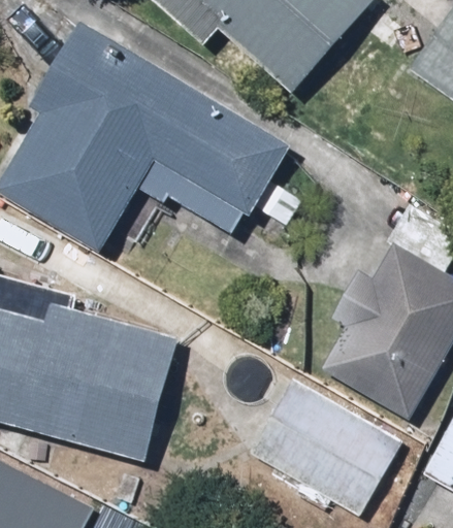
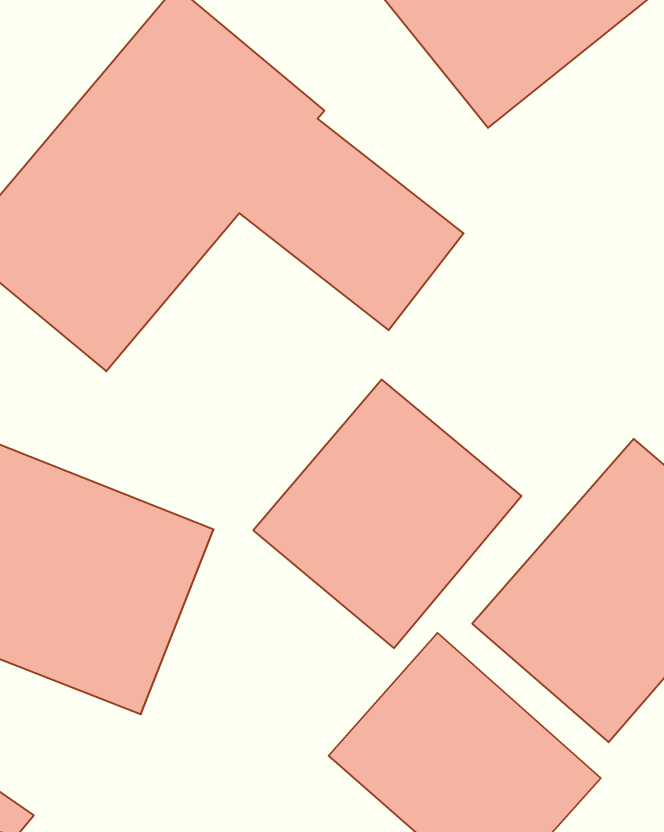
building: none -> [253,380,521,648]

